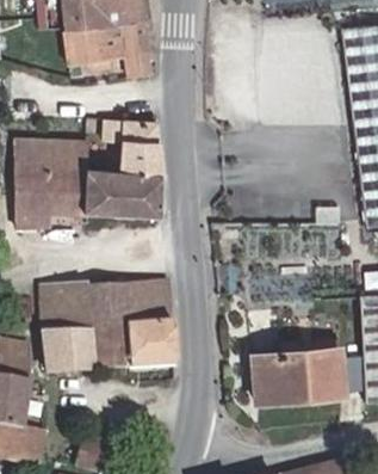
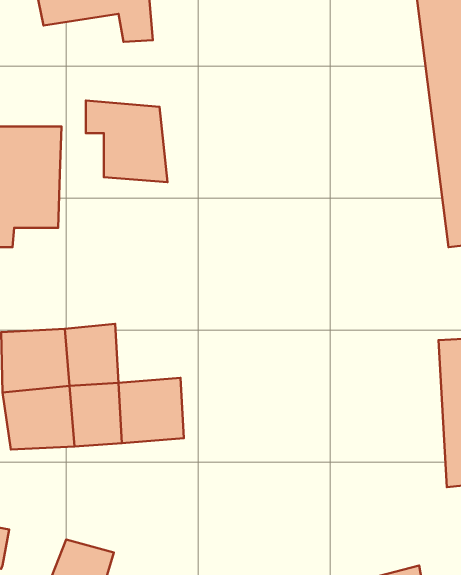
building: [82,172,162,216] -> none
building: [124,278,172,325] -> none
building: [250,345,343,402] -> none

